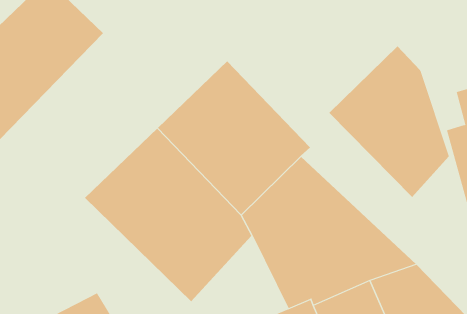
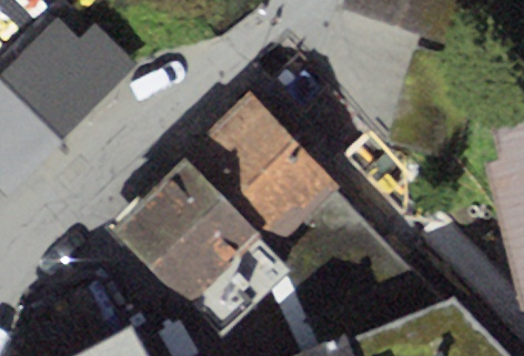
building: [329,46,449,198] -> none

